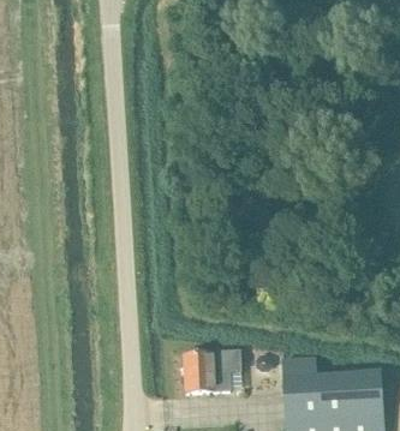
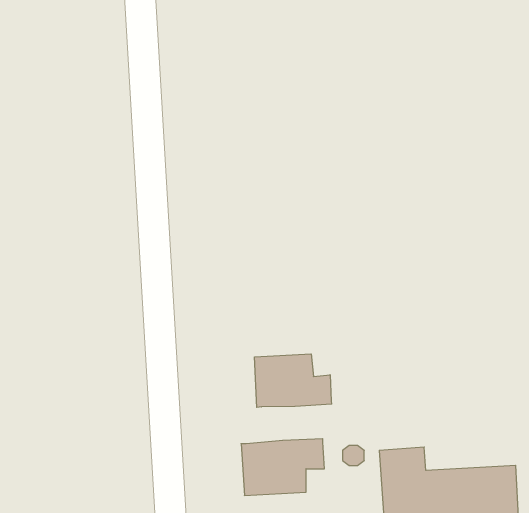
building: none -> [255,354,332,407]

